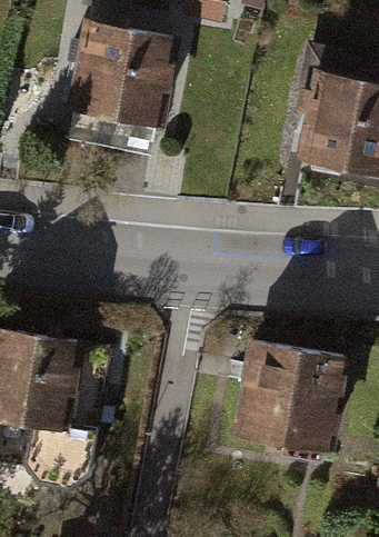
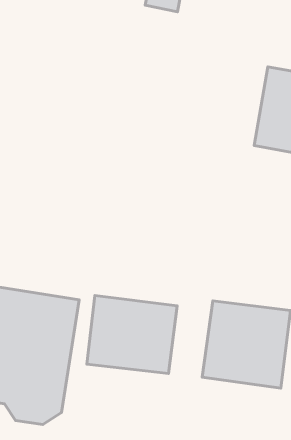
building: [69,20,172,122] -> none
building: none -> [87,296,177,374]

